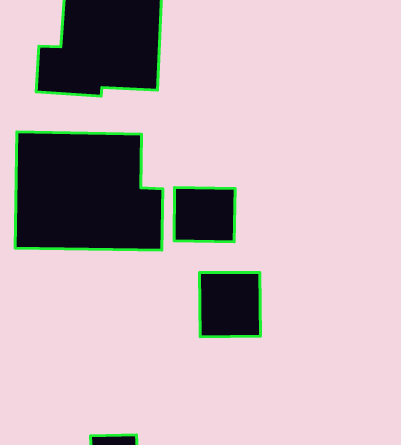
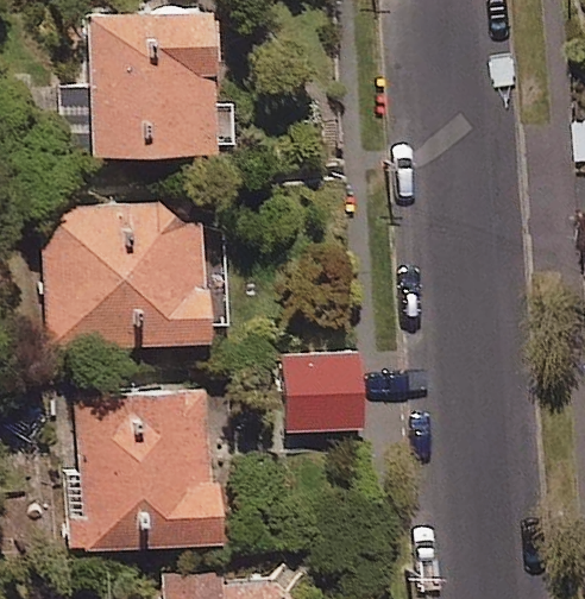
building: [174,188,235,242] -> none
building: none -> [73,383,220,555]

